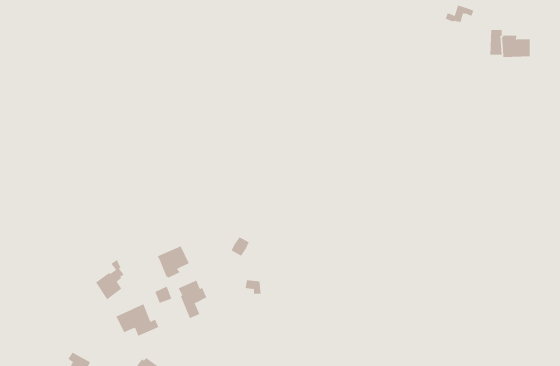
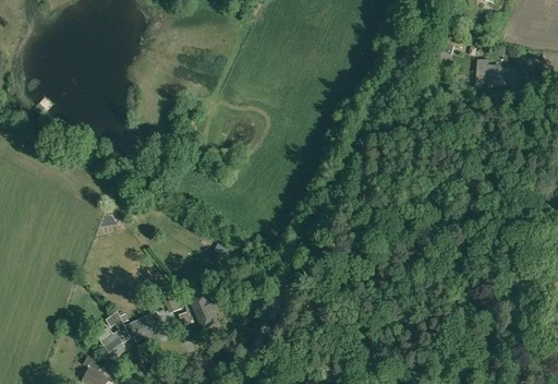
building: [157,246,190,279] -> none
building: [95,259,125,300] -> [100,321,128,359]

